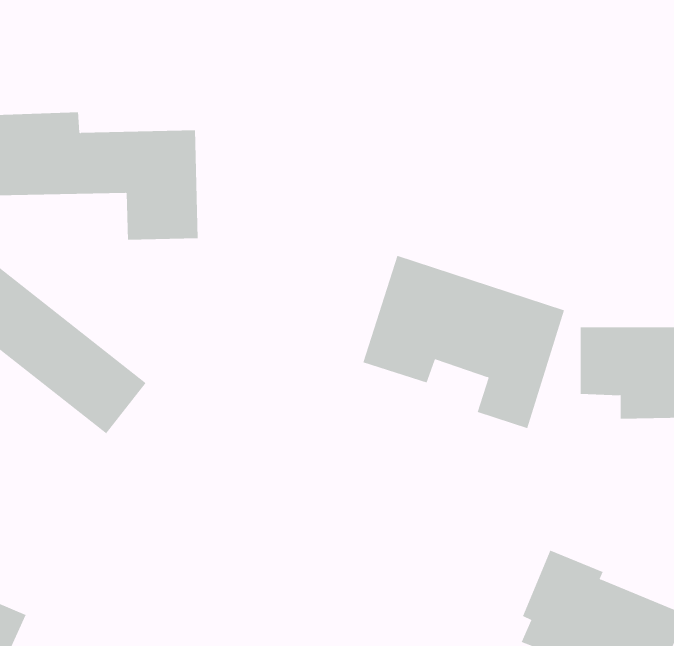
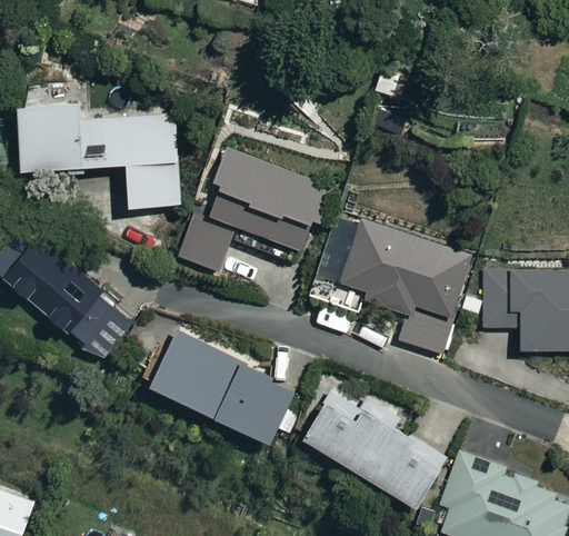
building: none -> [181,146,333,272]
building: none -> [144,329,292,443]
building: none -> [297,388,439,503]

